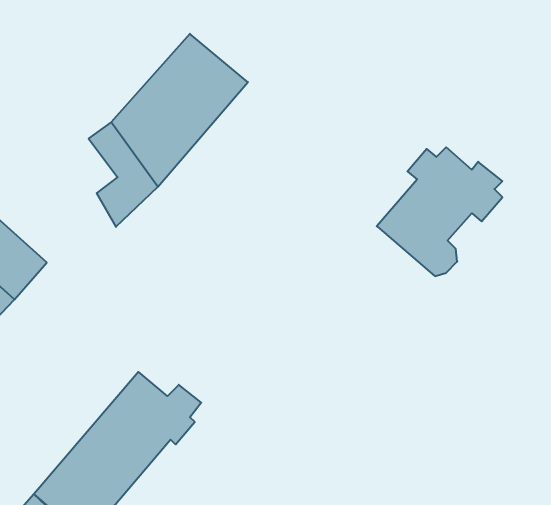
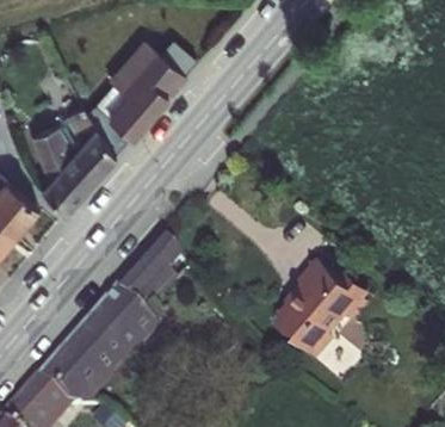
building: none -> [32,123,92,209]
building: [377,147,502,276] -> [277,262,370,358]
building: none -> [117,235,185,298]

